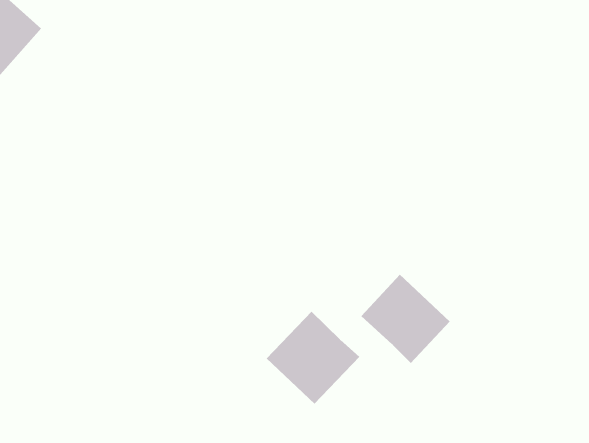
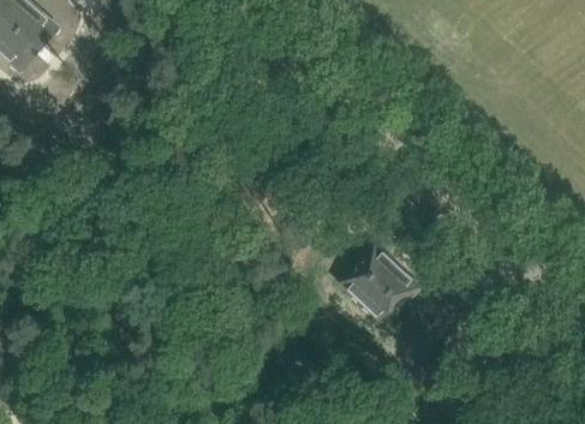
building: [266,311,360,405] -> none

